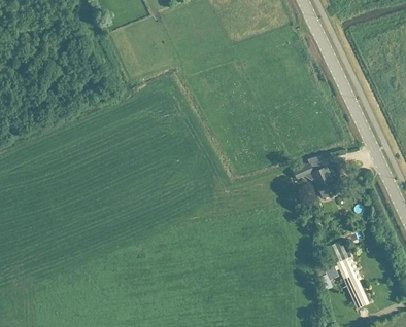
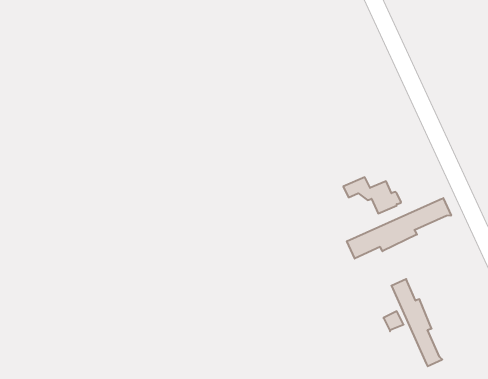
building: none -> [347,198,451,259]

